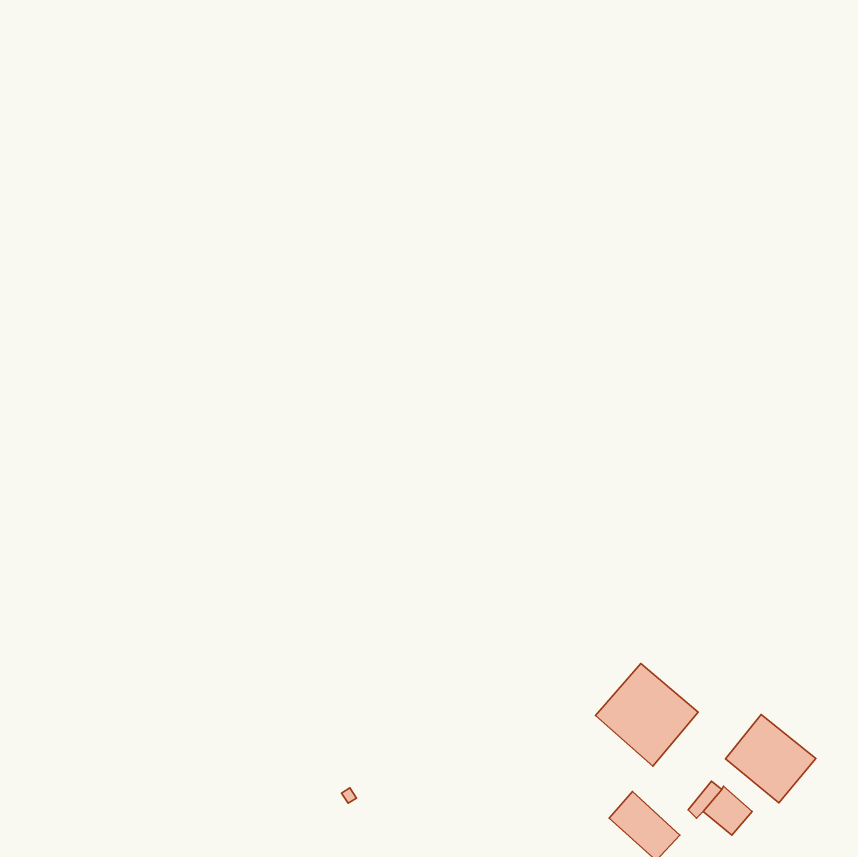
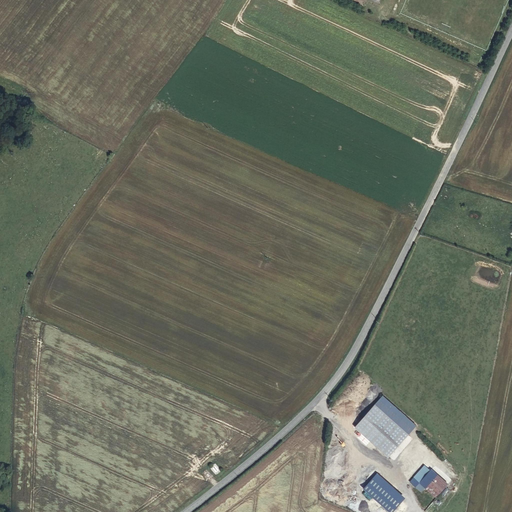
building: [726,715,816,803] -> none

